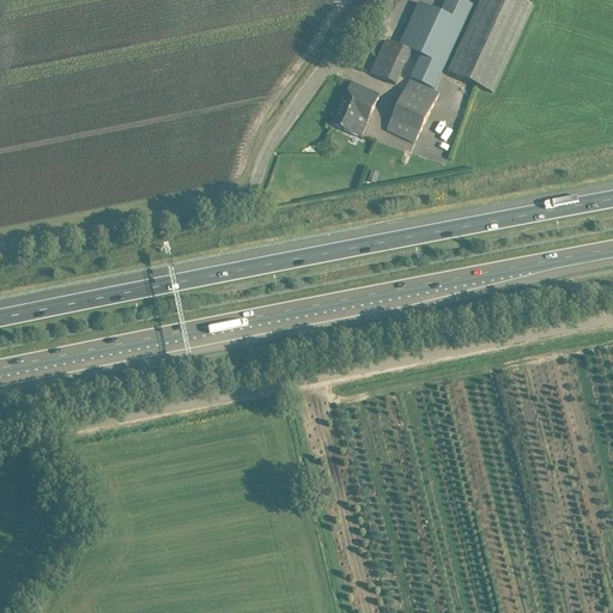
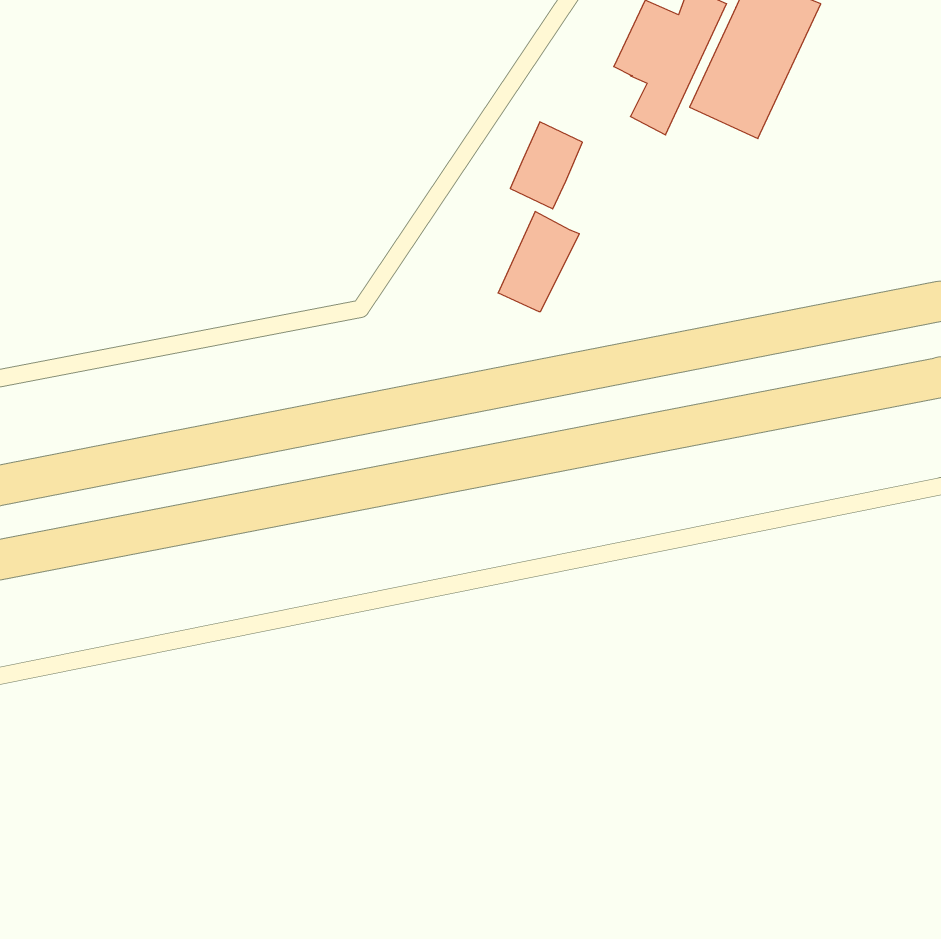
building: [369,37,409,83] -> none
building: [384,75,437,140] -> [498,212,579,311]

